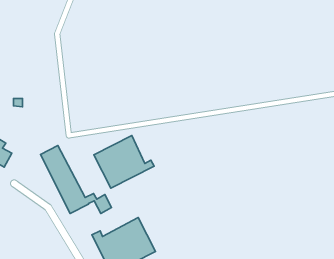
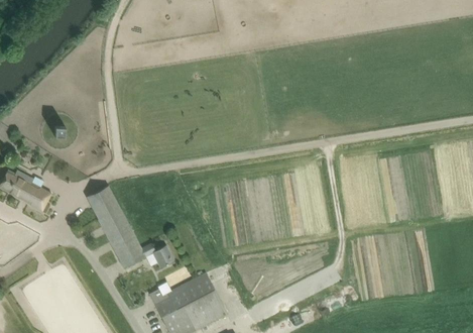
building: [94,136,154,188] -> none

